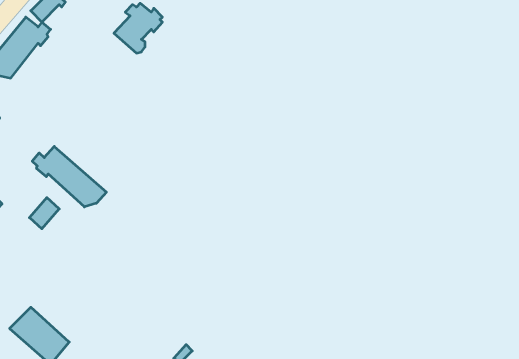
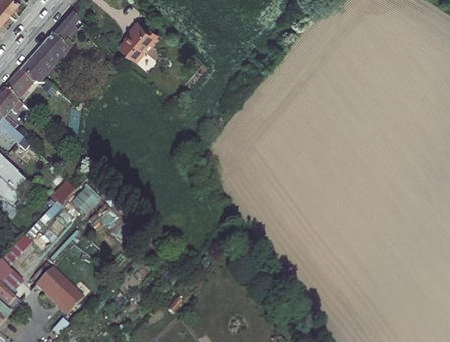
building: [32,146,106,207] -> none

